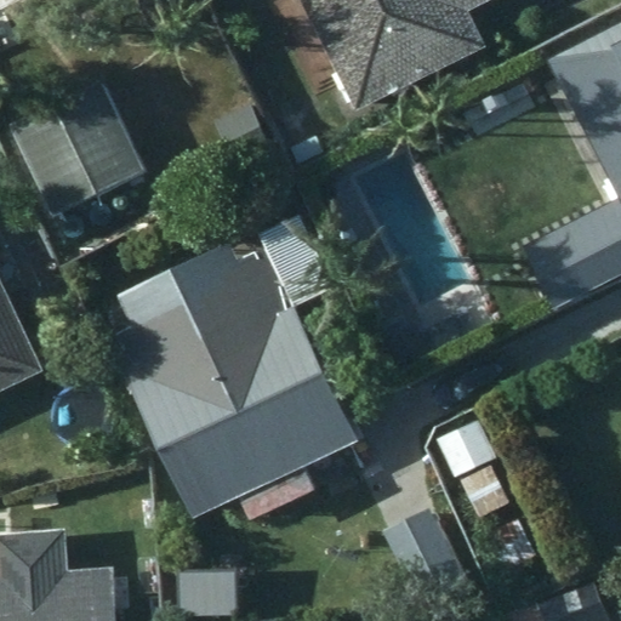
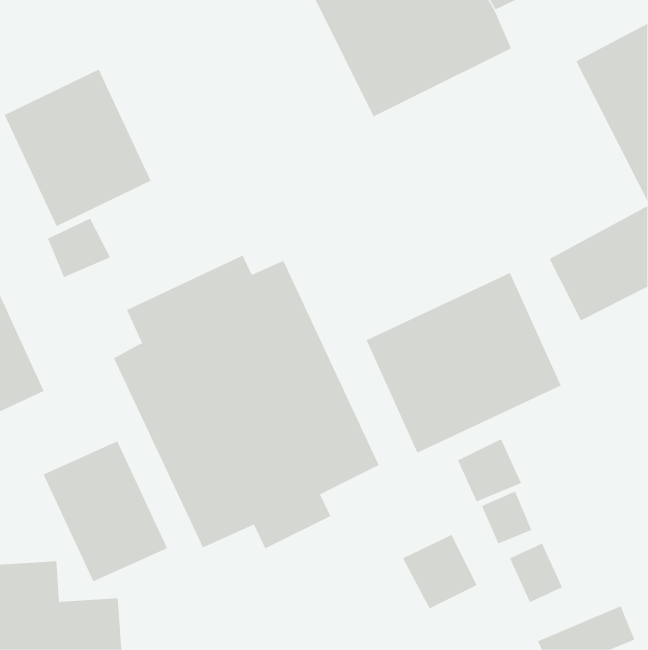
building: none -> [366,272,562,453]
building: none -> [43,441,168,582]

